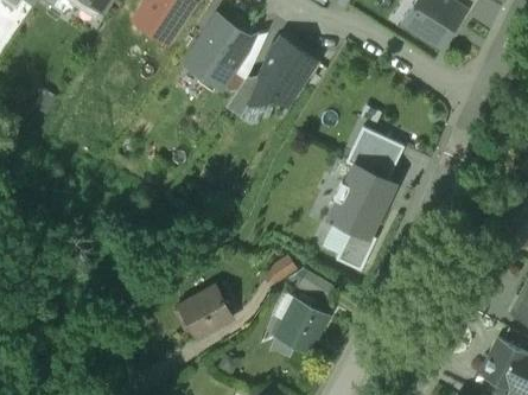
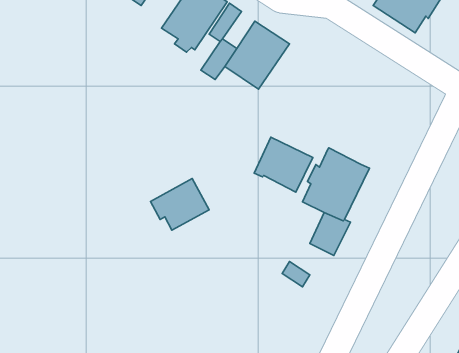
building: [344,135,402,190] -> [254,137,313,192]
building: [177,272,235,323] -> [150,179,209,230]
building: [273,306,327,359] -> none

